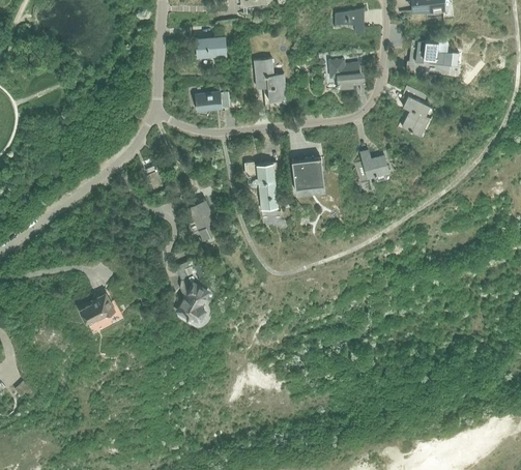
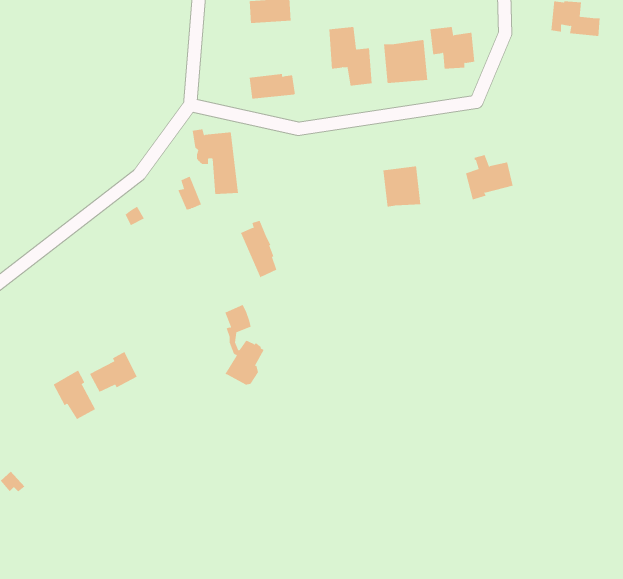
building: none -> [383,39,428,84]
building: [402,86,431,137] -> none
building: [244,163,279,210] -> [192,129,239,194]
building: none -> [53,369,96,420]

